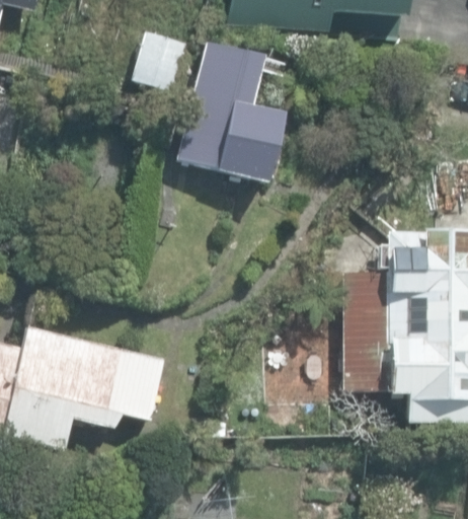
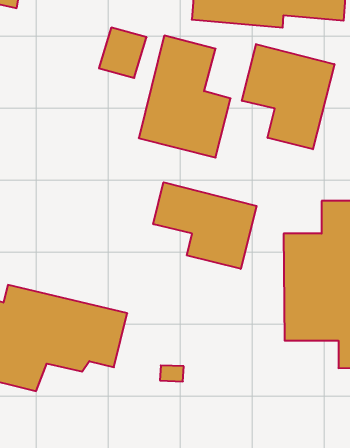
building: none -> [242,44,334,149]
building: none -> [153,182,257,269]

